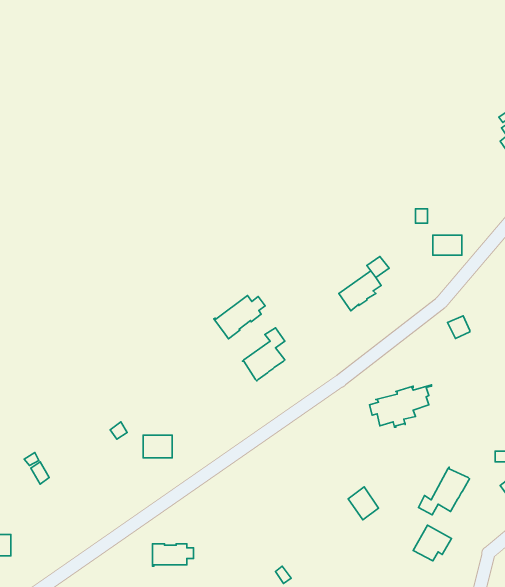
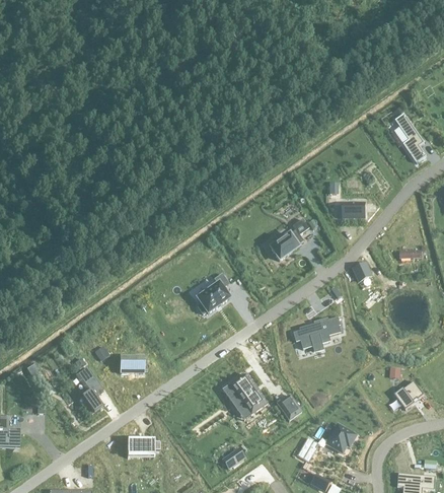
building: [214,296,265,339] -> none
building: none -> [75,363,100,410]
building: none -> [222,373,266,414]
building: [419,467,470,515] -> none

